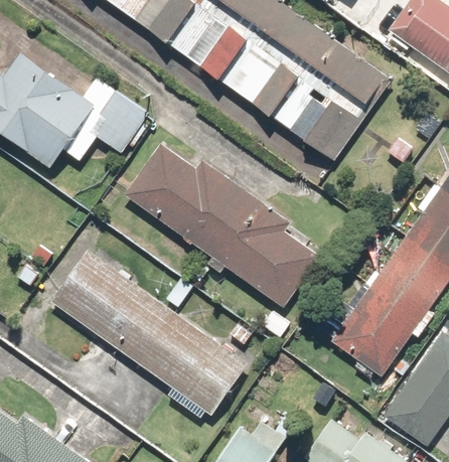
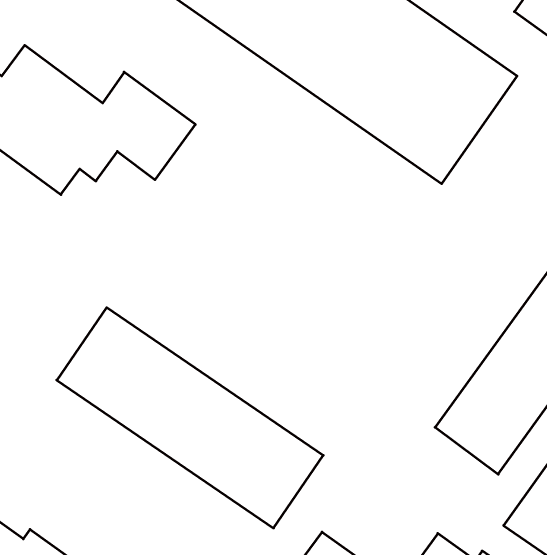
building: [126,142,320,311] -> none

